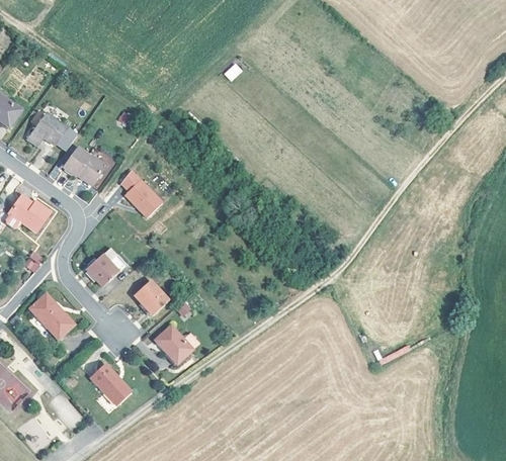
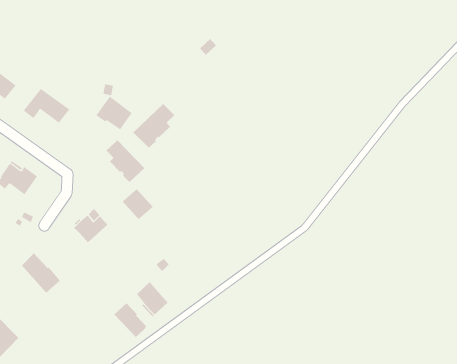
building: none -> [133,103,175,149]
building: [70,150,110,187] -> [96,96,133,130]
building: [132,281,166,315] -> [122,188,154,220]
building: [90,364,126,402] -> [114,302,147,338]

